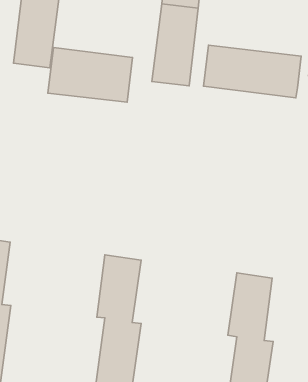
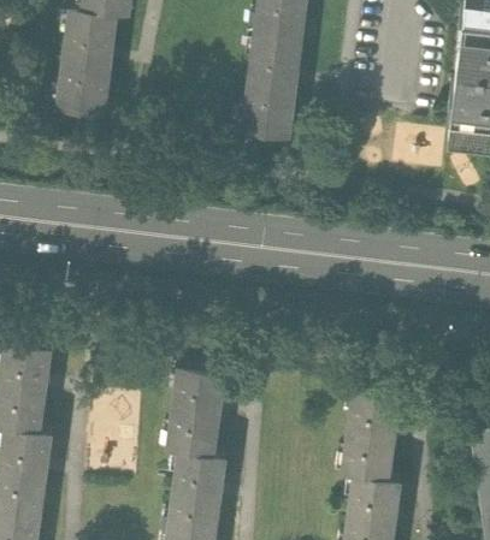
building: [204,45,301,98] -> none
building: [48,47,133,102] -> none

